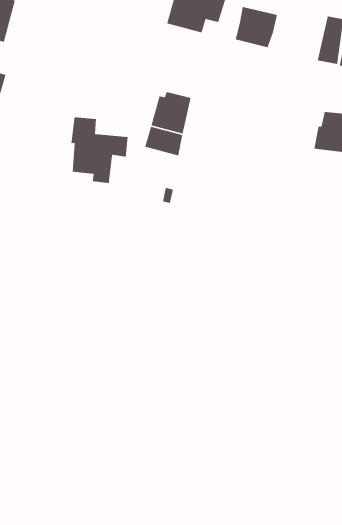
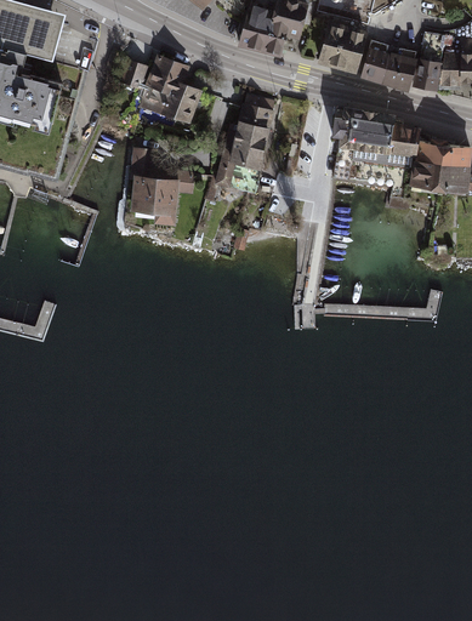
building: none -> [362,40,416,82]
building: none -> [137,53,203,125]
building: none -> [239,92,274,126]
building: none -> [335,119,416,170]

